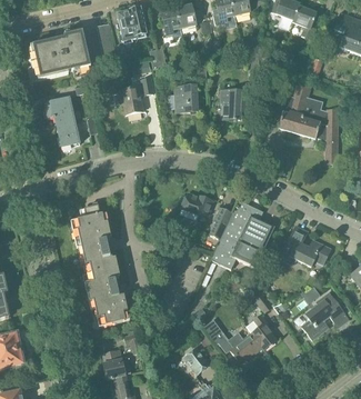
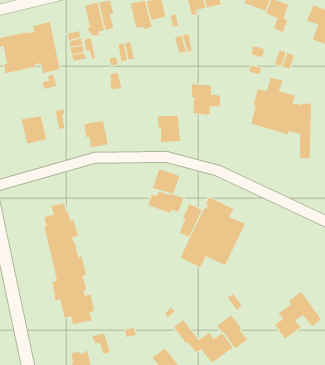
building: [174,83,198,110] -> [157,115,181,142]
building: [119,86,143,112] -> [83,120,108,148]
building: [46,96,74,122] -> none
building: none -> [152,169,180,194]
building: [281,223,331,265] -> none

